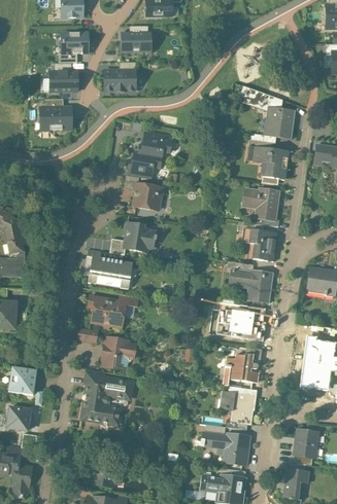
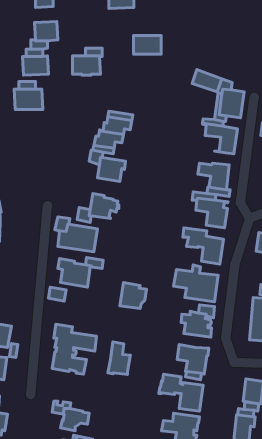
building: [120,32,150,52] -> [133,36,161,54]
building: [103,338,133,367] -> [120,283,147,309]
building: none -> [108,342,130,375]

